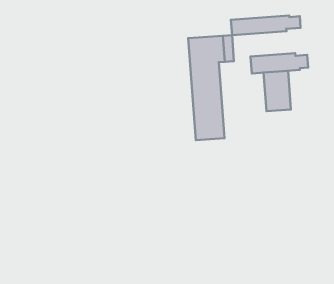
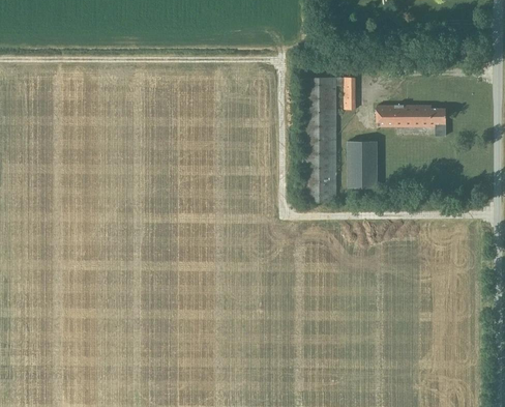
building: [231,15,301,35] -> none
building: [264,71,291,111] -> [348,141,378,188]

